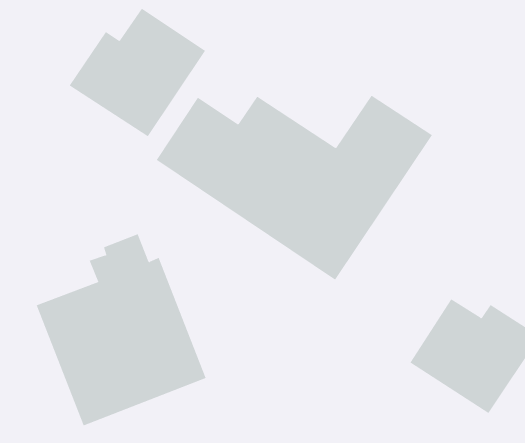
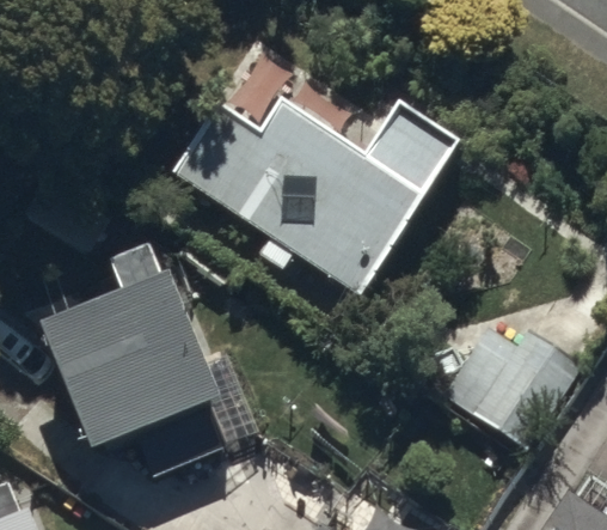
building: [69,8,206,137] -> none

